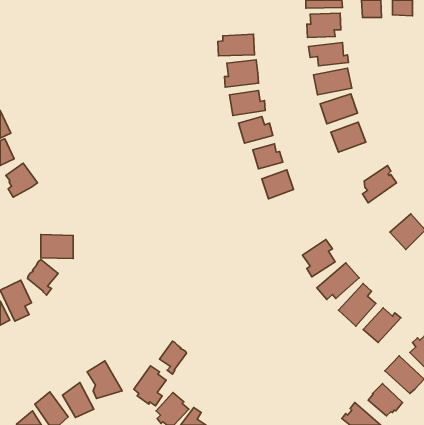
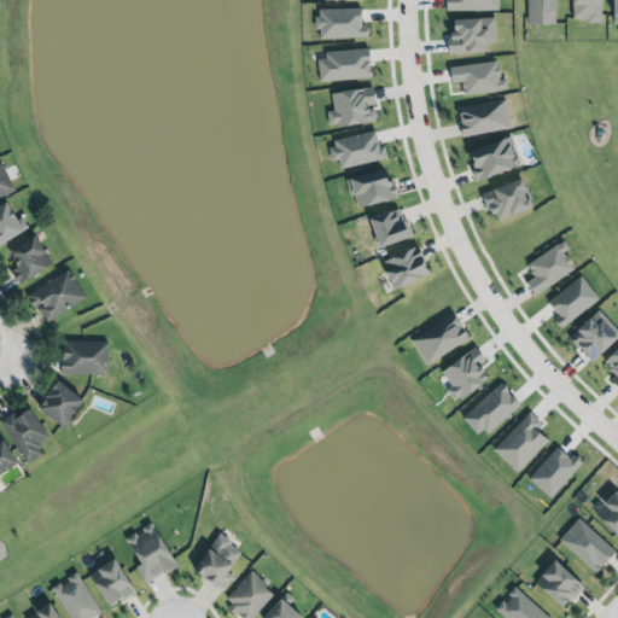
building: none -> [316,8,368,40]
building: none -> [28,269,87,322]
building: none -> [547,275,599,330]
building: none -> [410,315,468,363]
building: [159,341,186,374] -> none

